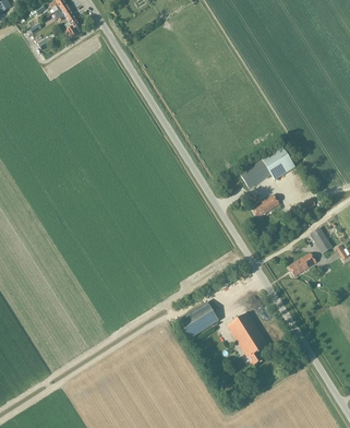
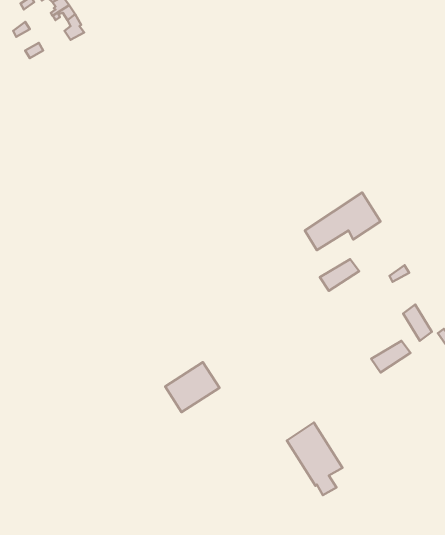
building: [178,302,217,338] -> [165,362,219,412]

